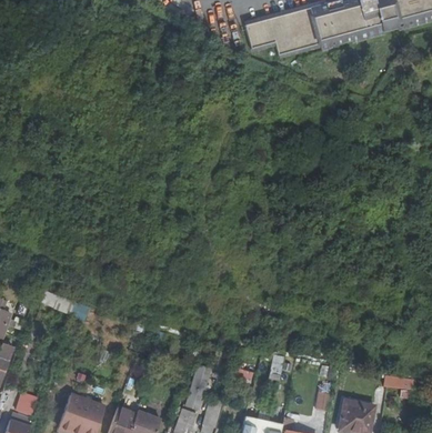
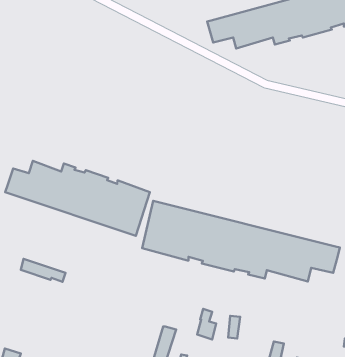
building: none -> [5,161,150,236]
building: none -> [142,201,340,281]

